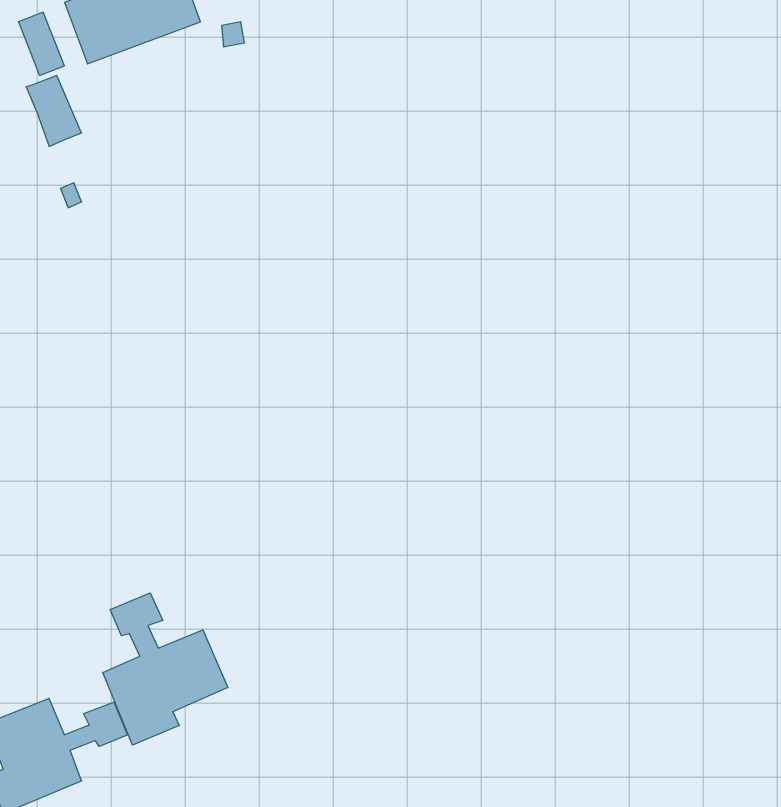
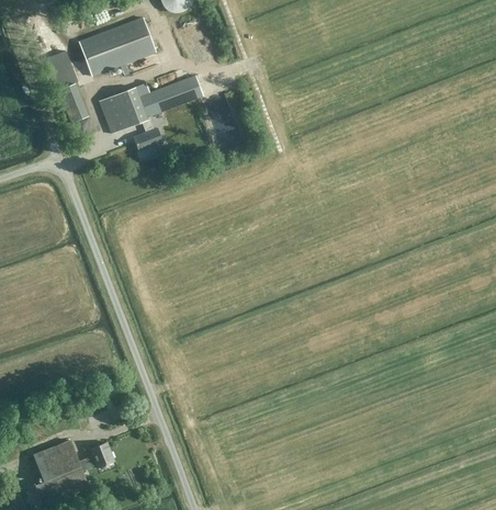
building: none -> [99,76,203,151]
building: [103,593,228,745] -> none

